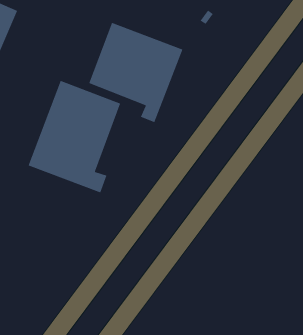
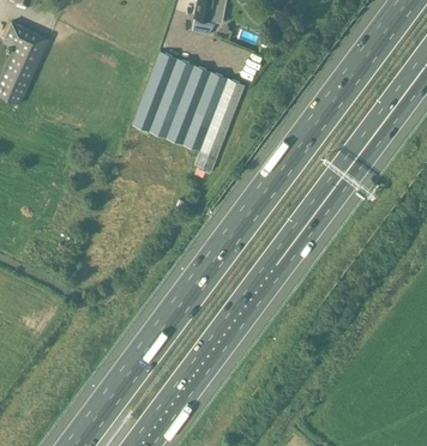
building: [27,80,121,193] -> none

